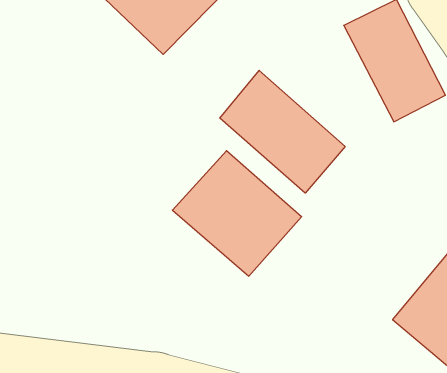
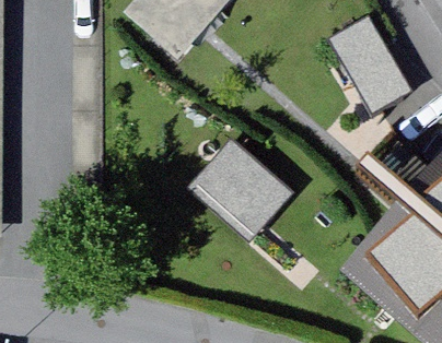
building: [220,70,345,193] -> none

